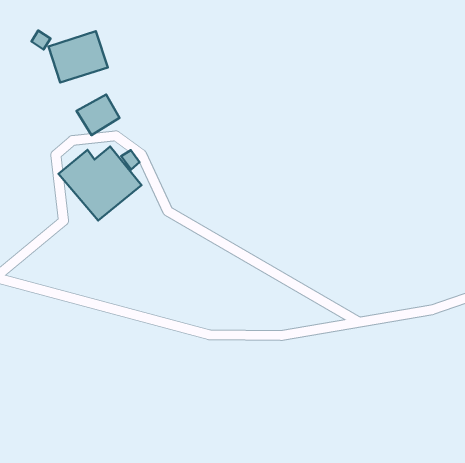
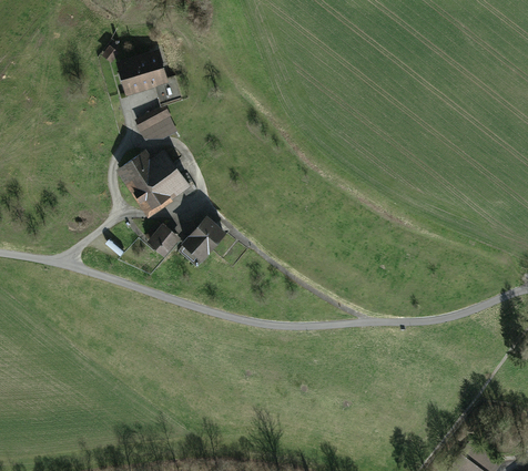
building: none -> [184,219,226,262]
building: none -> [149,224,181,256]

